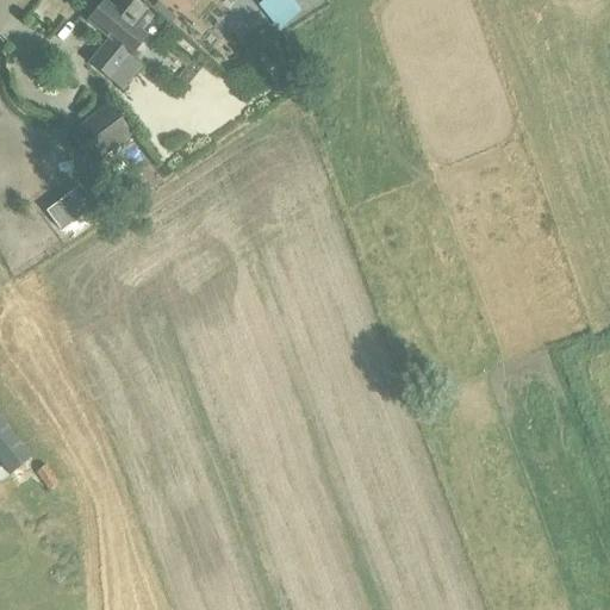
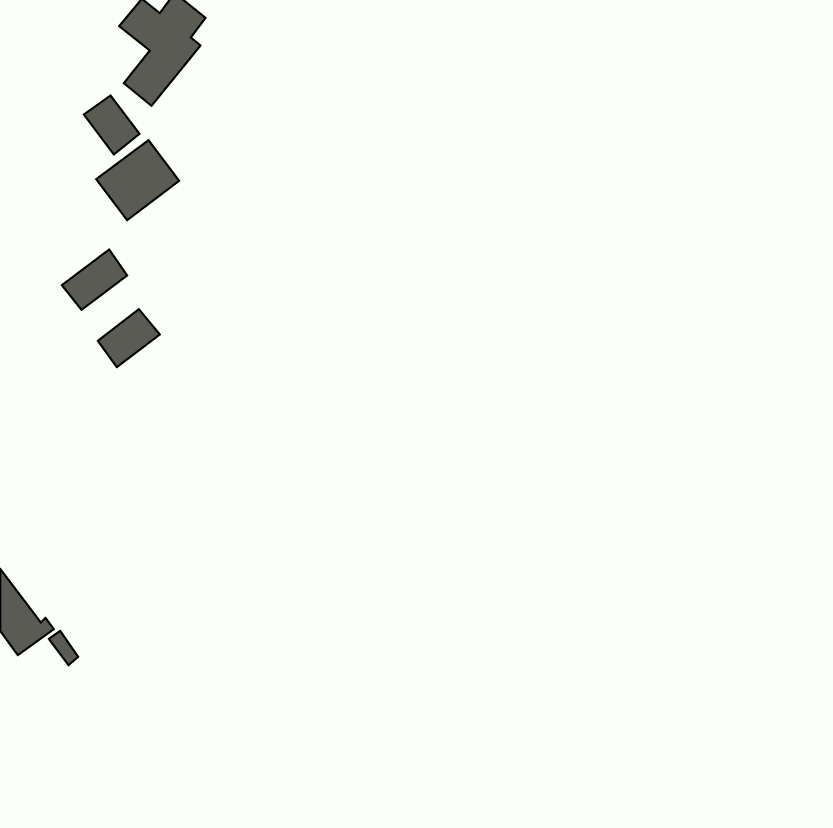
building: none -> [84,96,139,154]
building: none -> [98,309,160,367]

